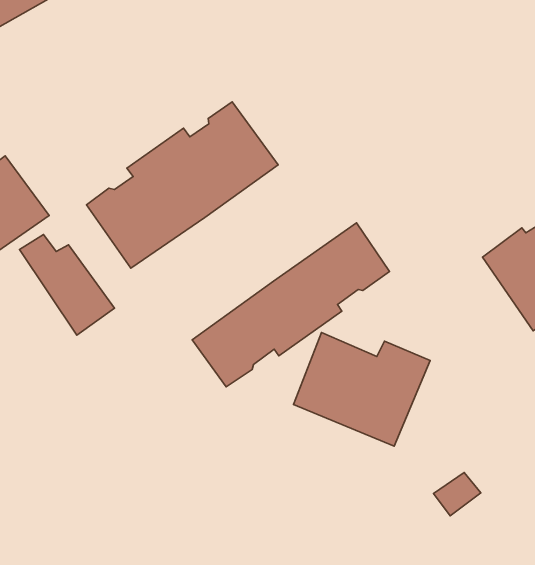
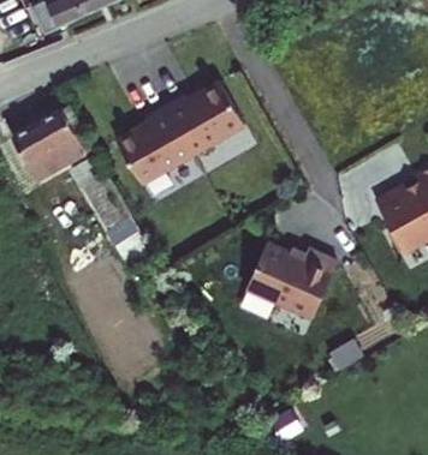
building: [192,223,389,387] -> none

